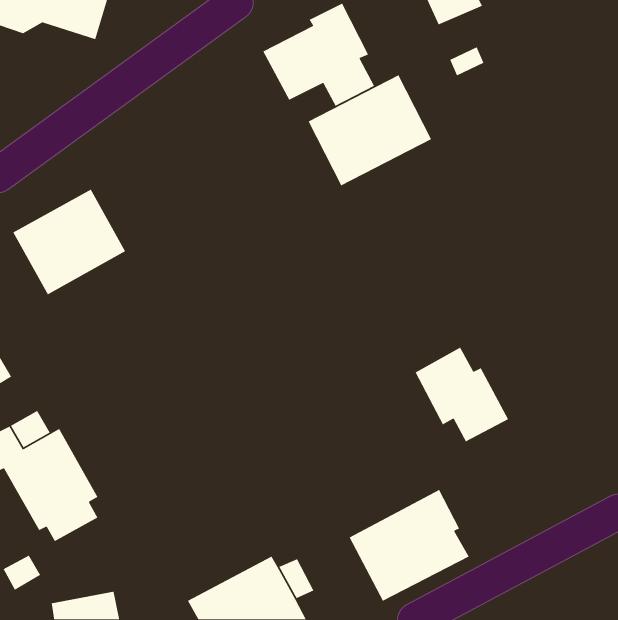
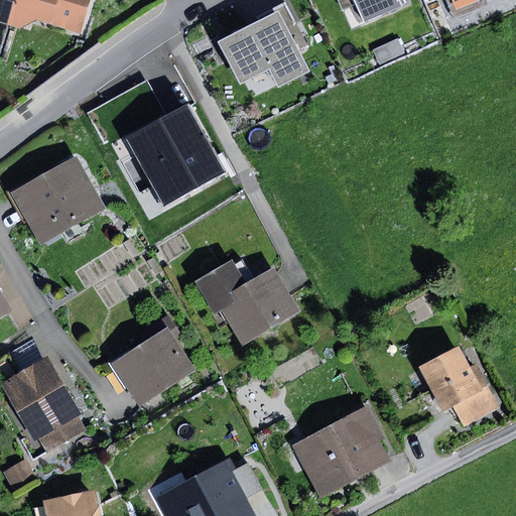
building: [307,74,432,187] -> none
building: none -> [122,102,223,206]
building: none -> [195,259,299,346]
building: [414,346,509,443] -> [419,347,498,426]
building: none -> [111,327,195,405]

